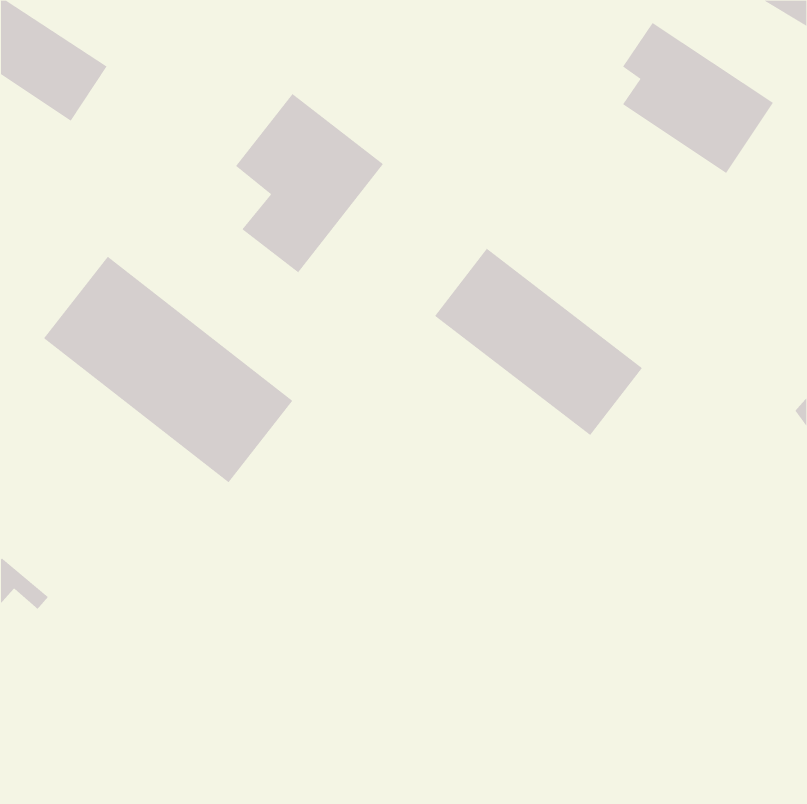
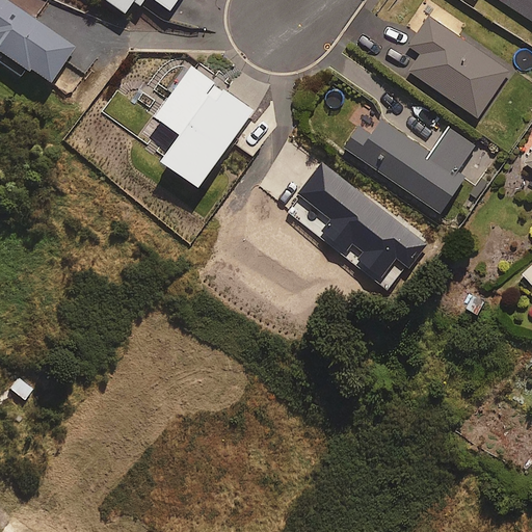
building: none -> [356,119,475,212]
building: [43,256,293,483] -> none

